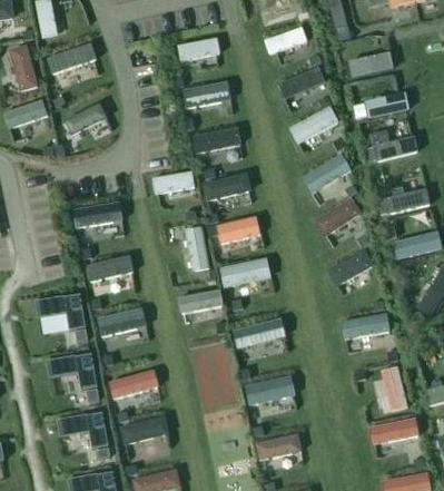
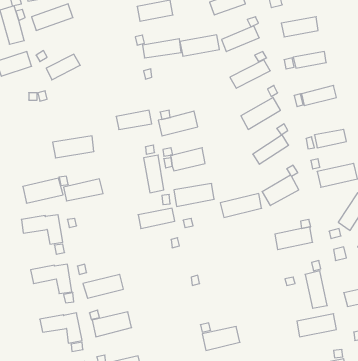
building: [191,126,239,151] -> [180,35,219,56]
building: [99,306,148,336] -> [23,178,63,203]
building: [233,317,283,346] -> [220,194,262,217]
building: [245,374,294,404] -> none

